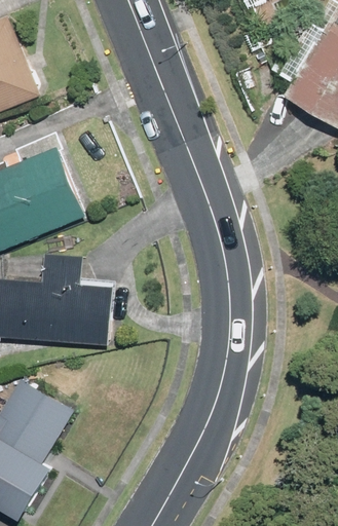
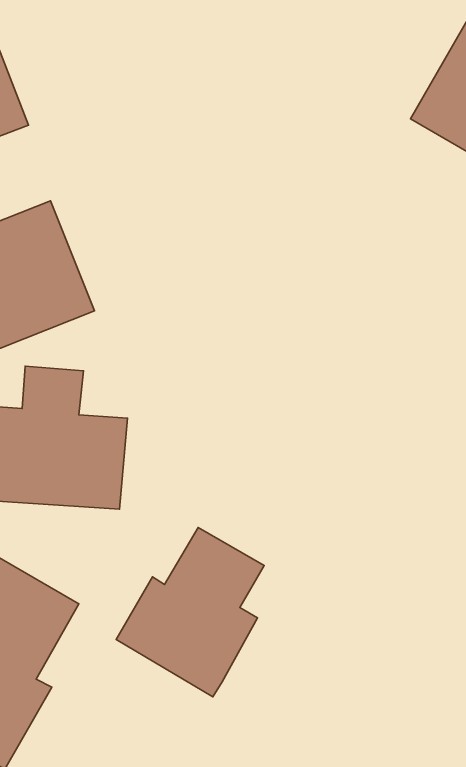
building: none -> [116,527,264,697]

